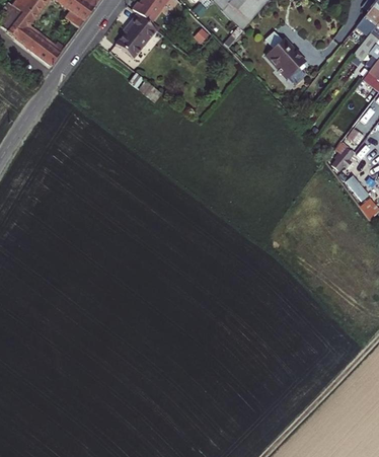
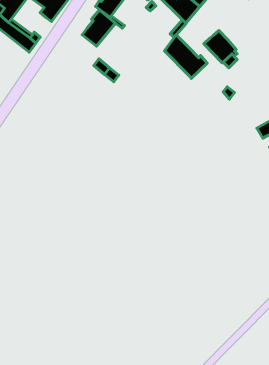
building: none -> [165,35,207,78]

